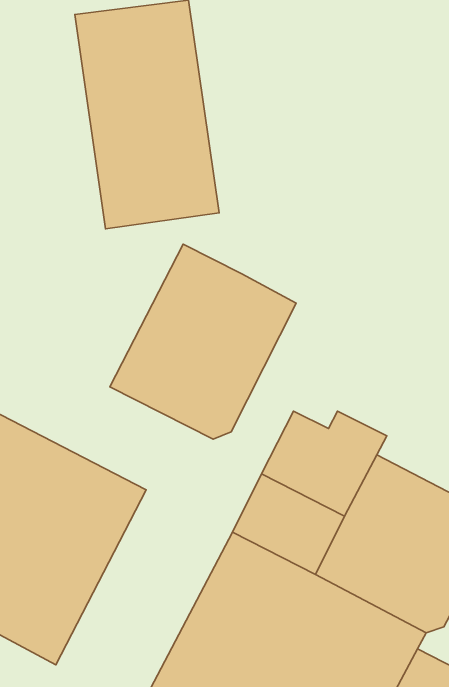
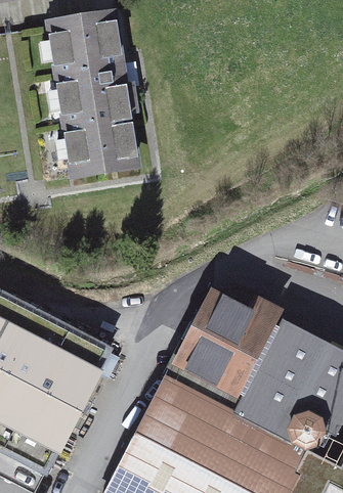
building: [110,244,296,439] -> none

